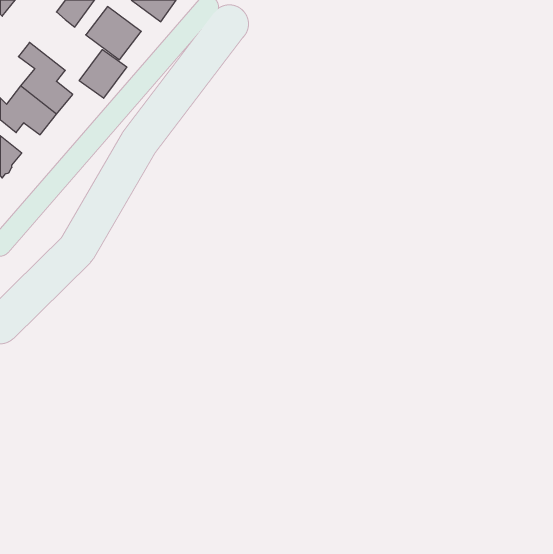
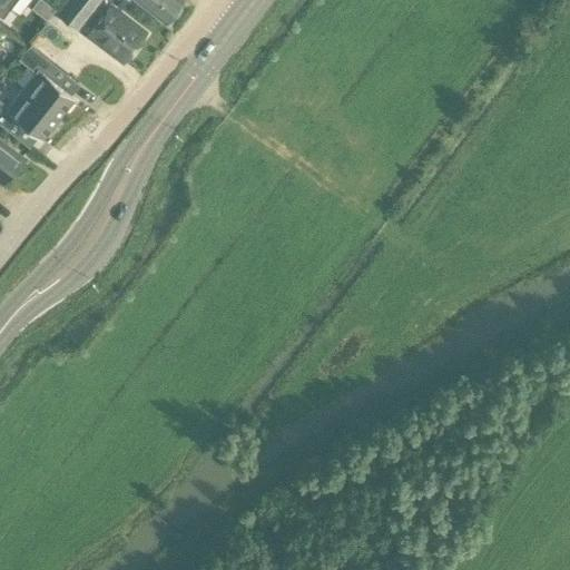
building: [79,50,127,98] -> none

